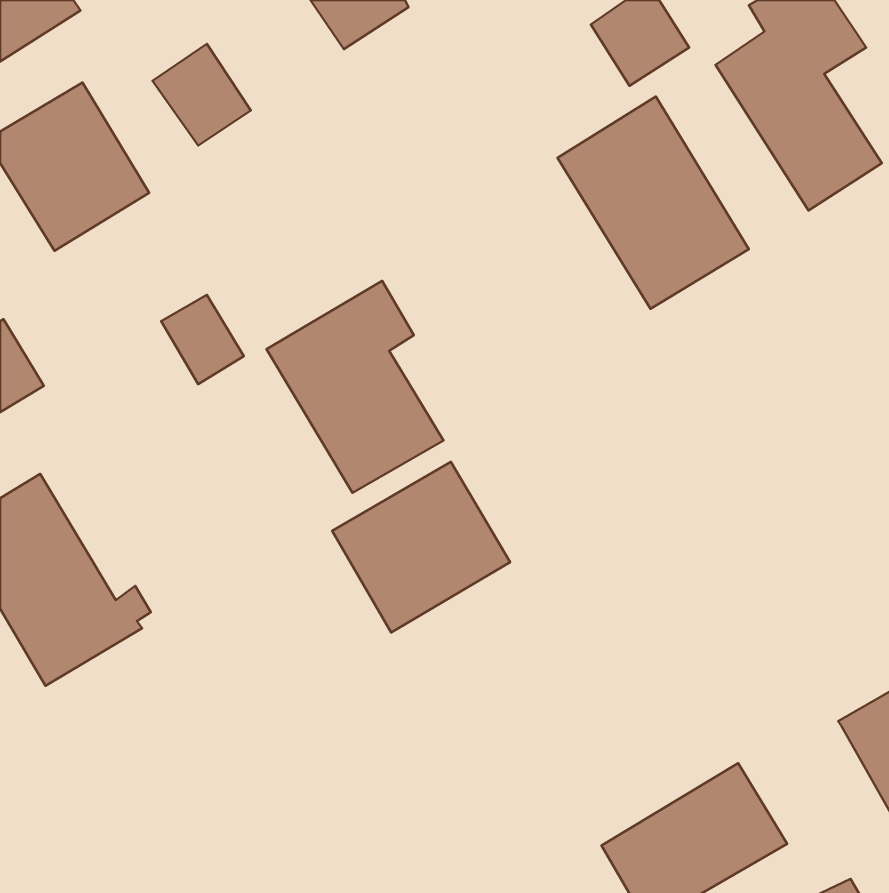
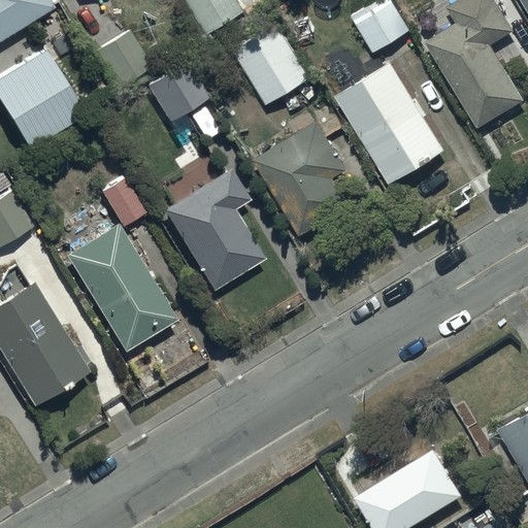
building: none -> [232,22,311,106]
building: none -> [145,68,202,125]
building: none -> [252,119,348,239]
building: none -> [64,224,173,352]
building: [332,462,510,633] -> none

